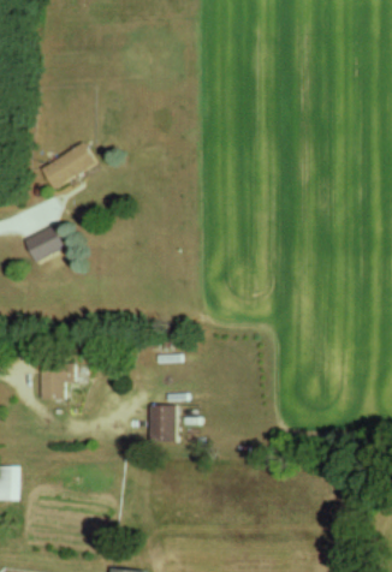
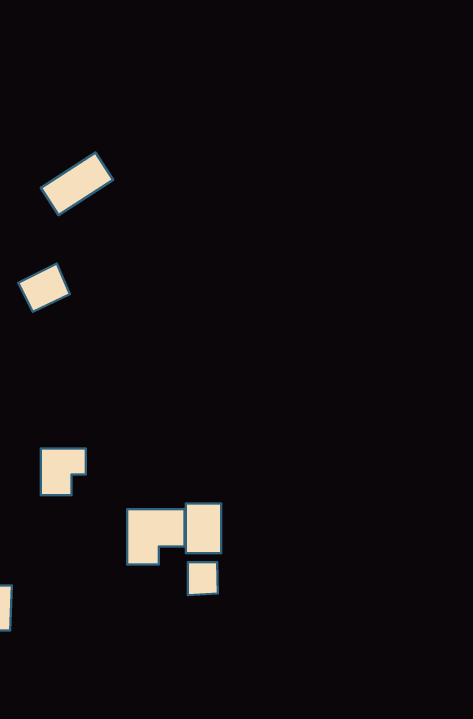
building: none -> [127,509,185,564]
building: none -> [188,562,218,595]

